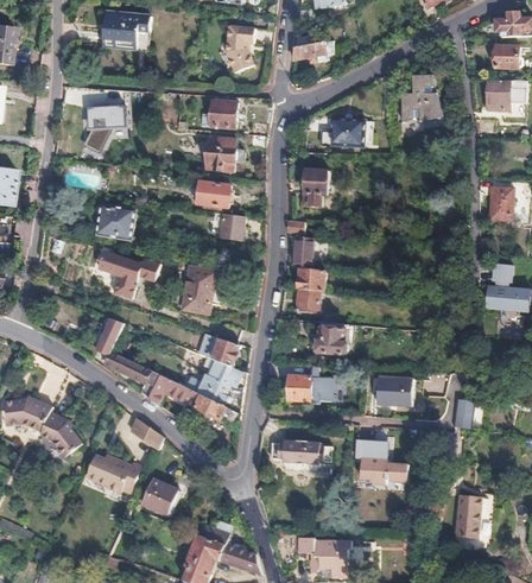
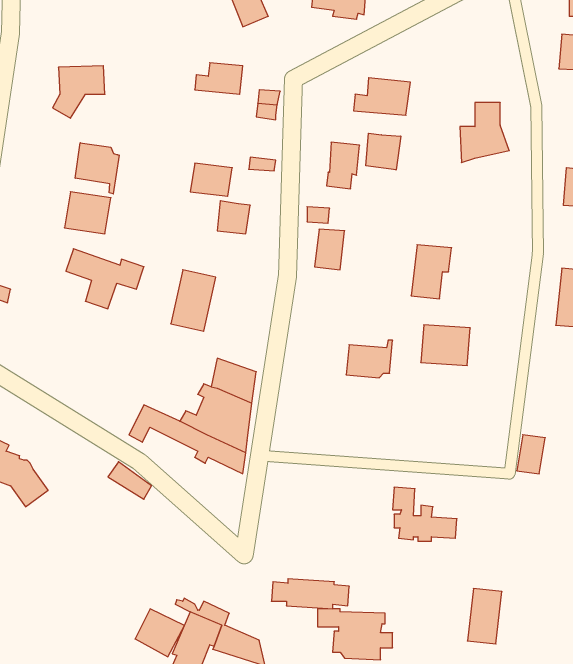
building: [399,75,438,122] -> [460,103,509,163]
building: [203,138,234,171] -> none
building: none -> [366,133,401,170]
building: none -> [75,143,119,194]
building: [297,268,329,311] -> [411,245,452,299]
building: [99,319,158,386] -> none
building: [289,374,332,400] -> none
building: [379,376,418,408] -> [421,325,470,365]
building: [270,439,331,463] -> [271,579,349,609]
building: [87,452,140,493] -> none
building: [140,479,179,517] -> [135,609,184,657]
building: [455,494,482,538] -> [467,589,502,644]

